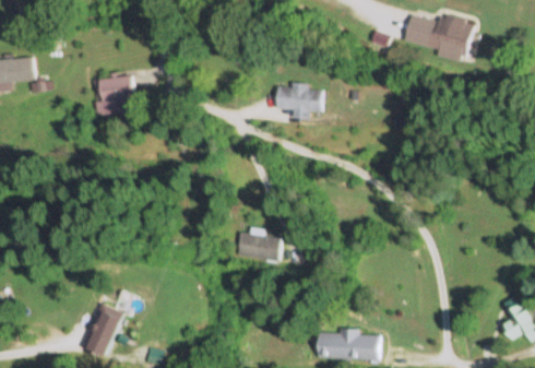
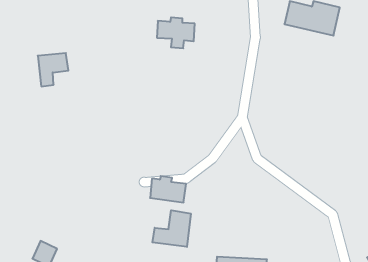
building: [275,83,322,121] -> [157,17,195,48]
building: none -> [152,210,191,247]

